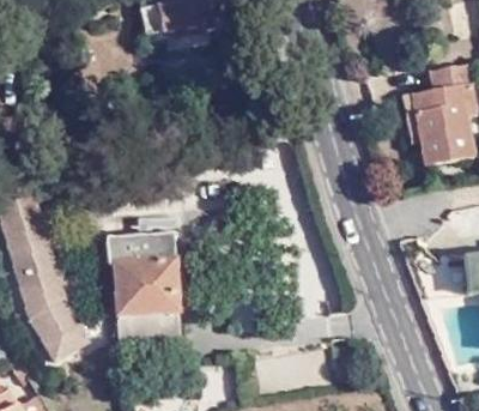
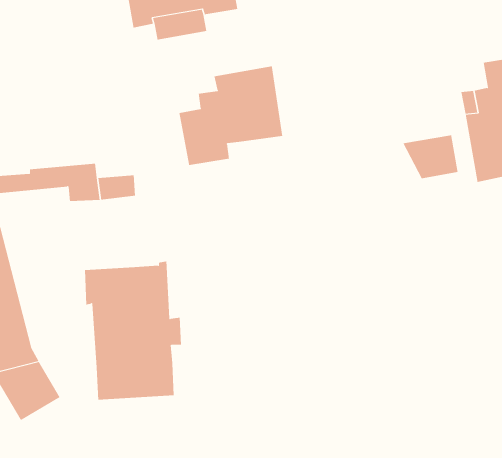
building: none -> [179,65,283,166]
building: none -> [402,134,458,179]

